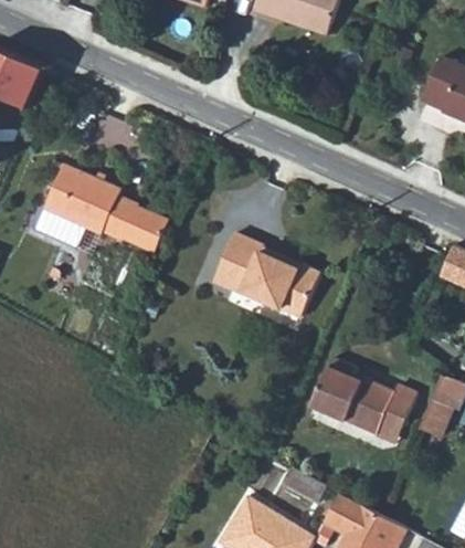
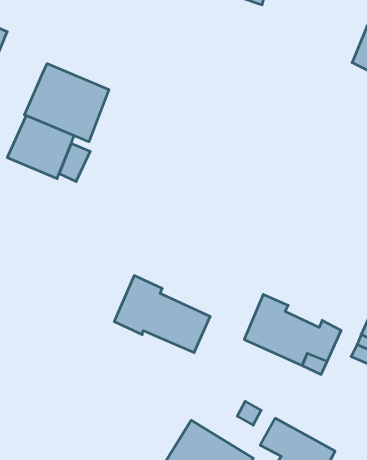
building: none -> [24,64,109,142]
building: [120,199,166,245] -> none
building: [211,229,317,314] -> [114,276,210,353]

